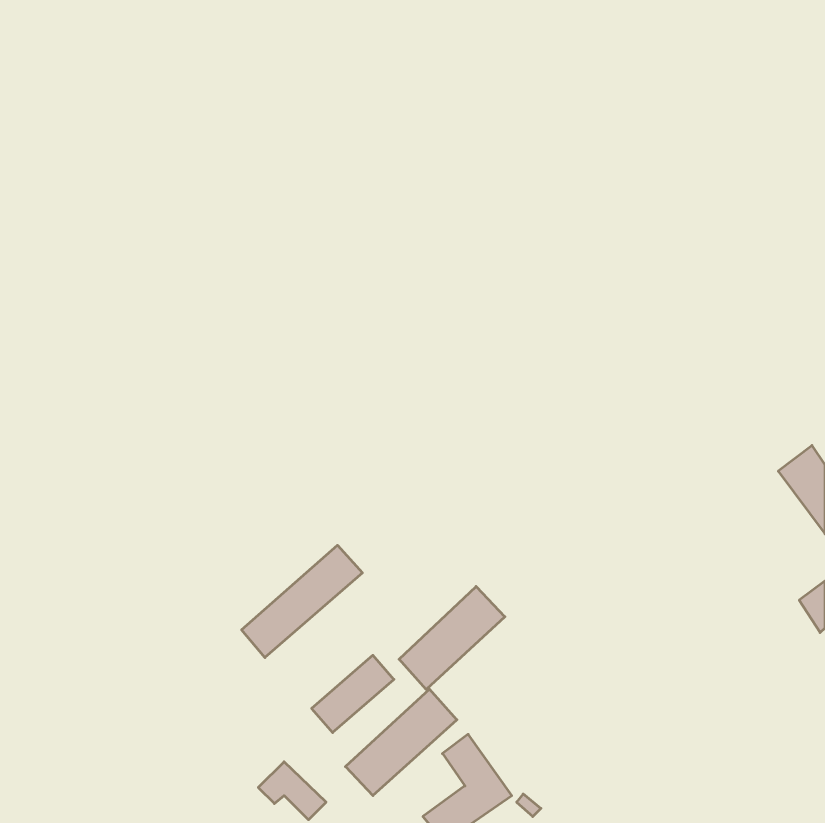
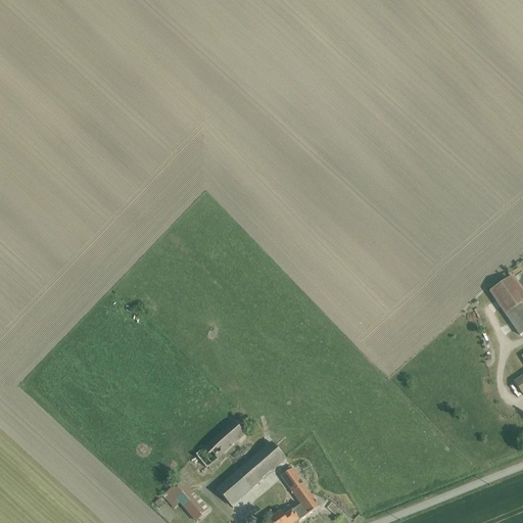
building: [242,545,362,658] -> none
building: [399,586,505,689] -> none

